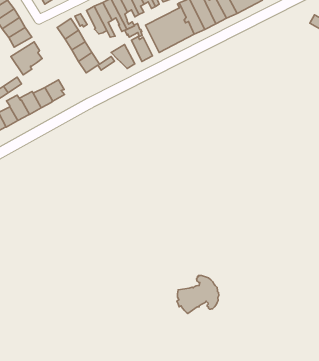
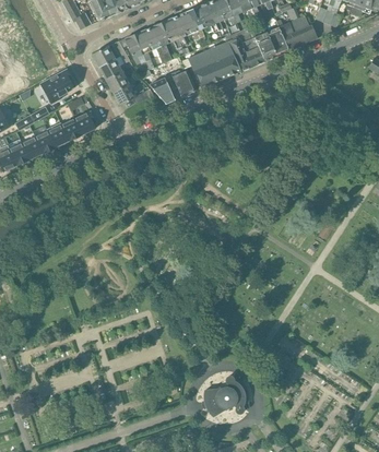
building: [177,275,219,313] -> [202,374,248,415]

